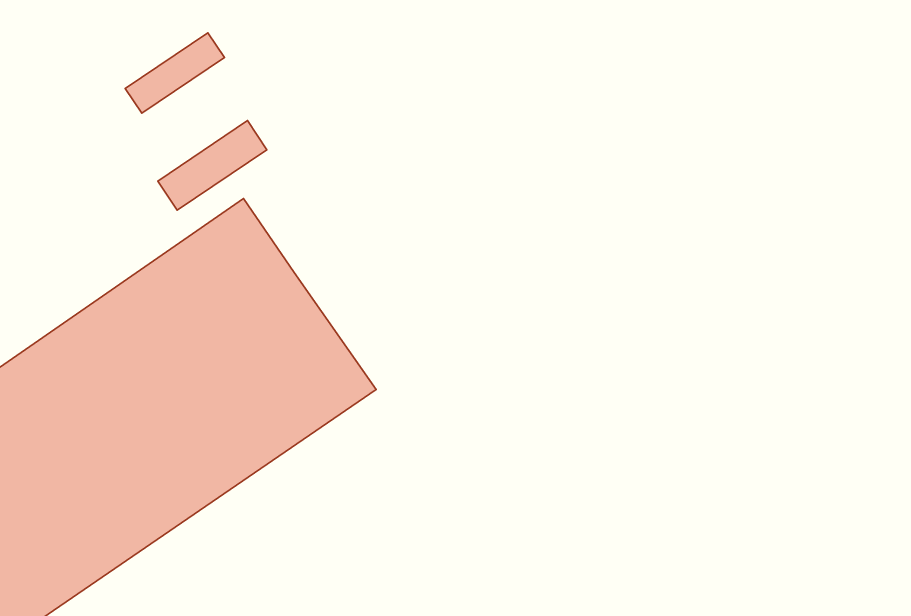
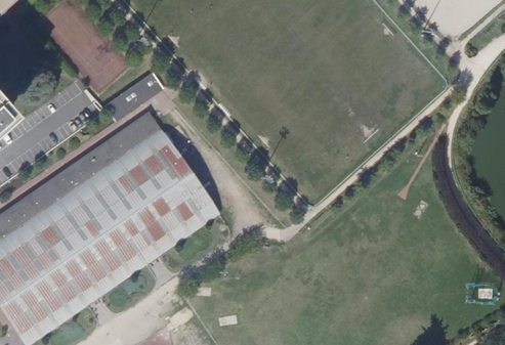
building: [125,33,224,113] -> none

